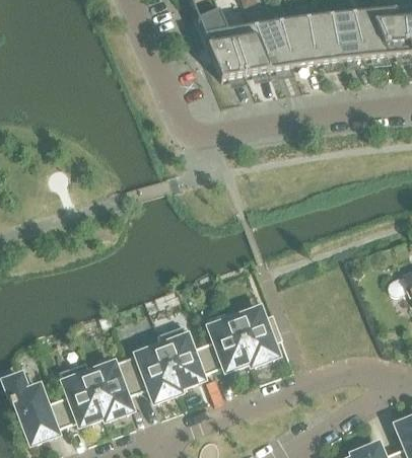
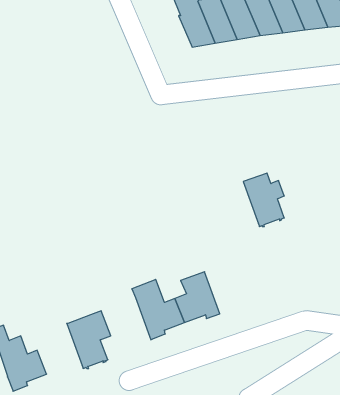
building: [234,306,278,363] -> [243,173,284,227]
building: [125,342,181,399] -> none
building: [57,360,105,424] -> none

